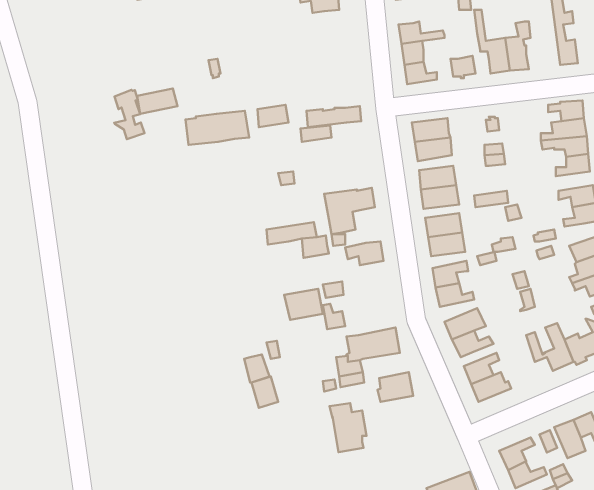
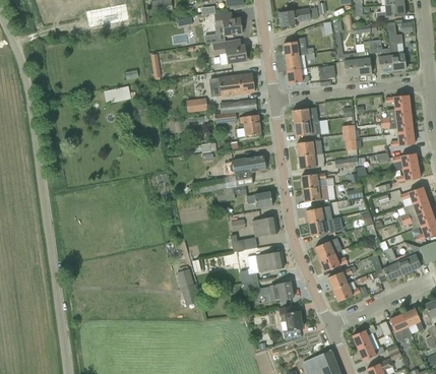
building: none -> [372,39,393,72]
building: none -> [212,40,247,63]
building: [114,90,145,139] -> none
building: [185,111,249,145] -> [211,72,255,96]
building: none -> [237,114,260,136]
building: [284,289,323,320] -> [251,215,277,237]
building: [329,403,367,452] -> [277,305,303,338]

